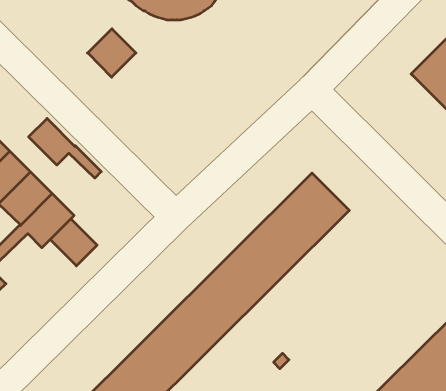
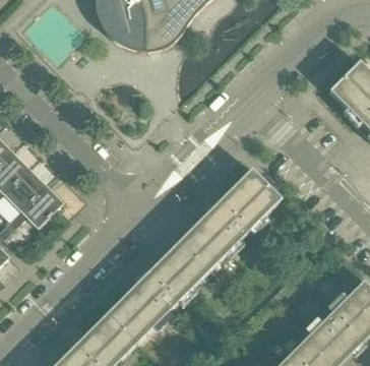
building: [87,29,136,77] -> none
building: [29,118,101,178] -> none
building: [50,219,97,266] -> none

